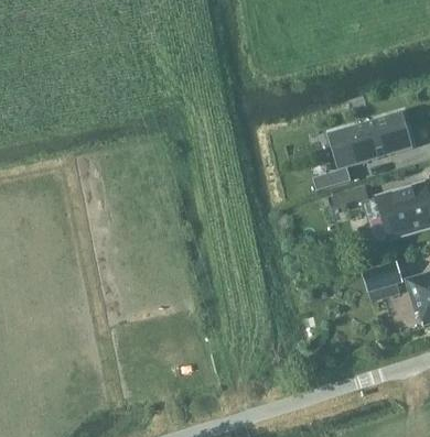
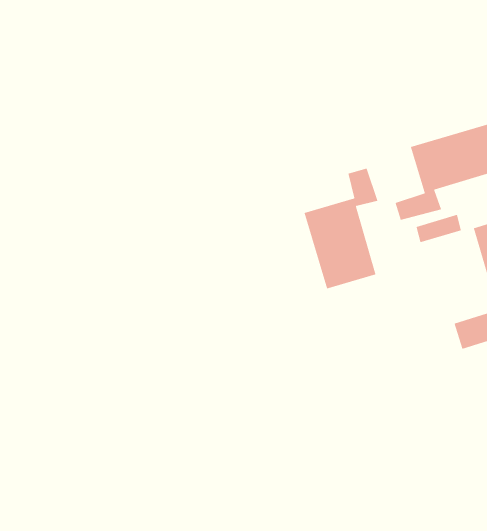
building: none -> [303,168,378,290]

